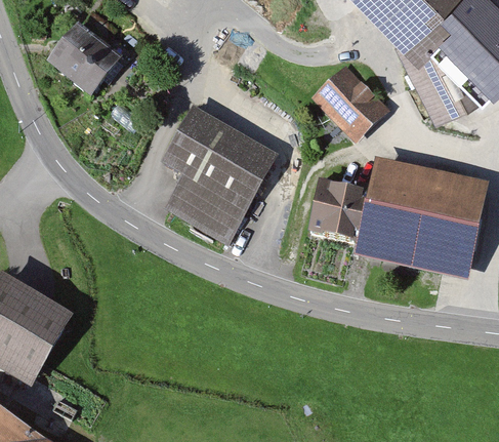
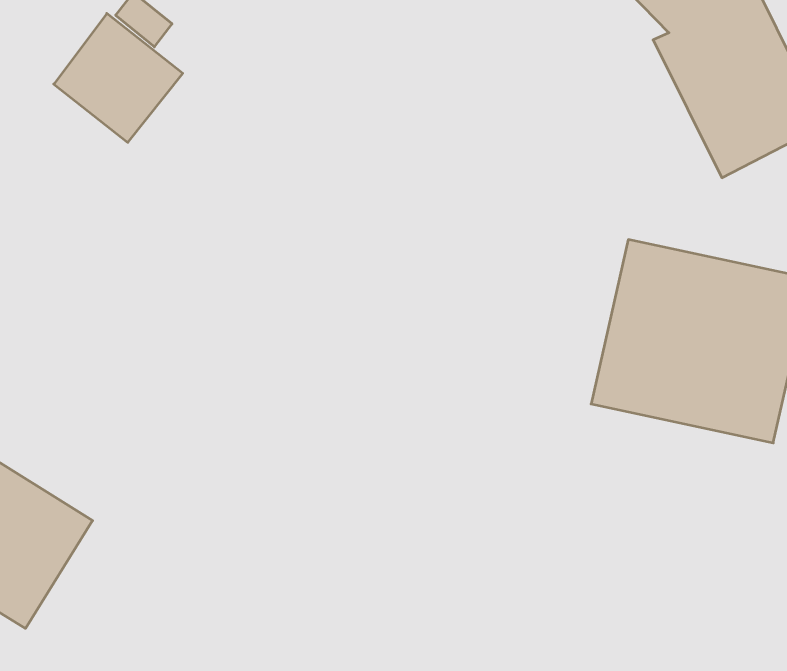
building: [310,65,391,145] -> none
building: [168,111,274,238] -> none
building: [309,177,367,238] -> none

